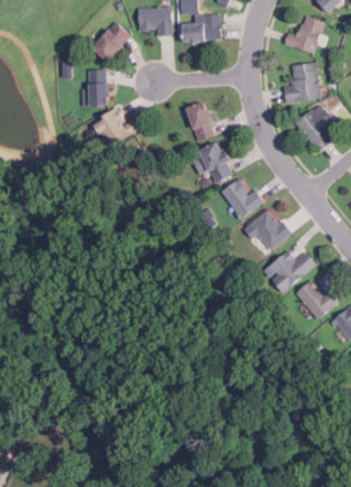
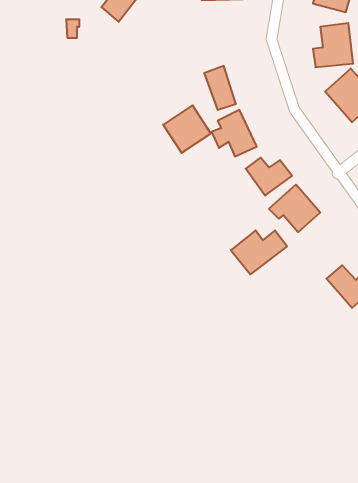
building: [87,71,108,105] -> none
building: [92,107,135,150] -> [163,105,211,153]
building: [265,251,316,291] -> [231,230,287,274]

